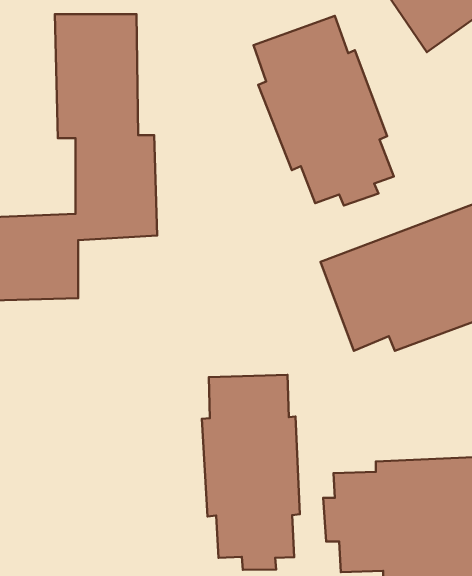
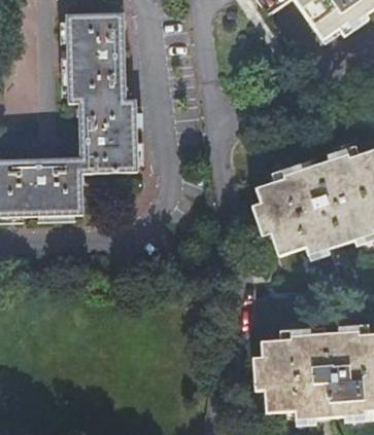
building: [253,16,394,206] -> none
building: [202,375,300,570] -> none

